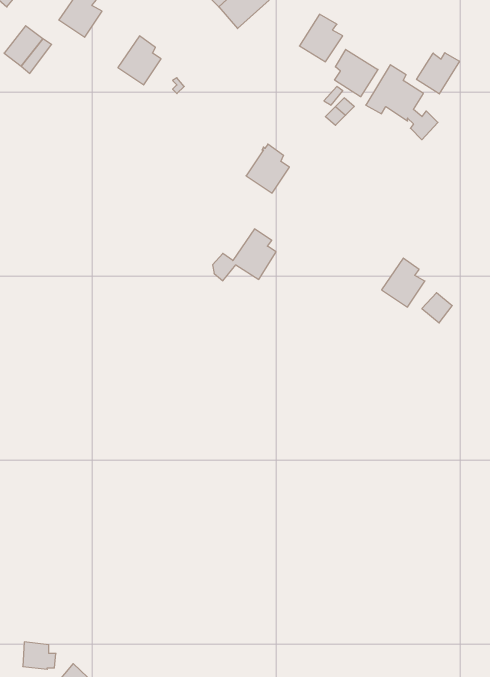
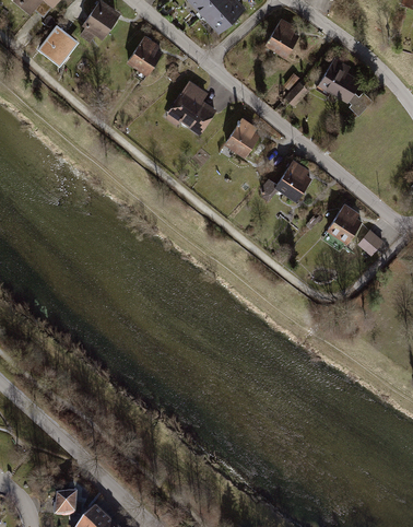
building: [335,49,378,97] -> none
building: [417,53,459,94] -> none
building: none -> [172,82,214,131]
building: [213,229,276,281] -> [261,161,309,200]

